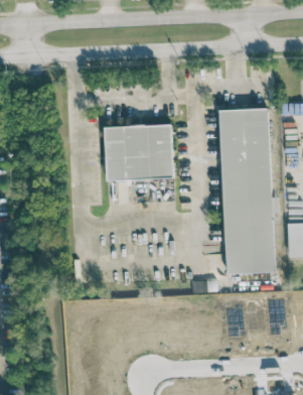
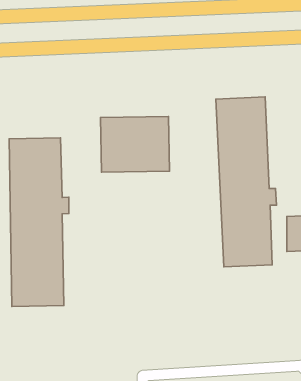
building: none -> [9,138,69,307]

